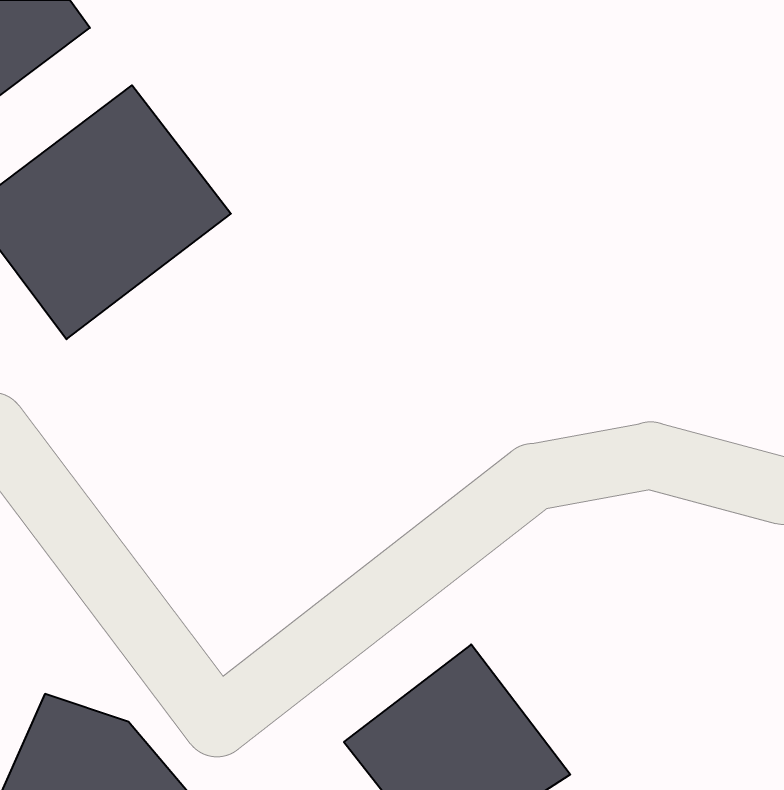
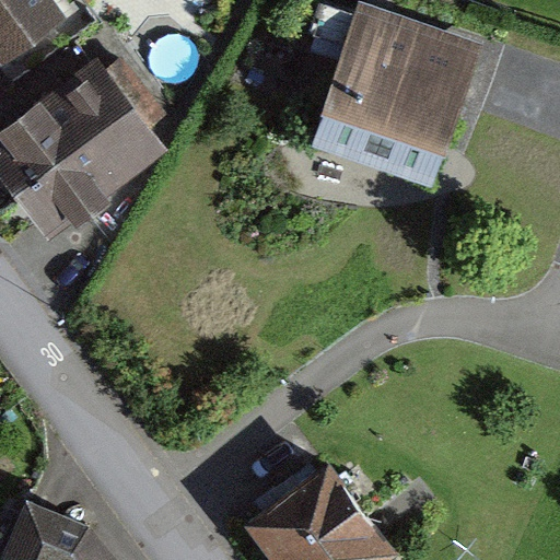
building: none -> [313,7,482,177]

